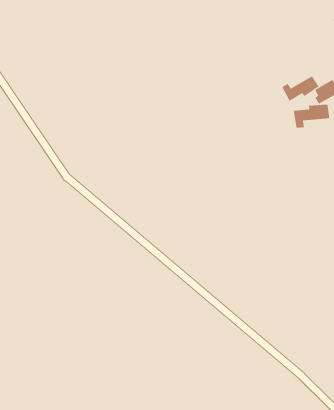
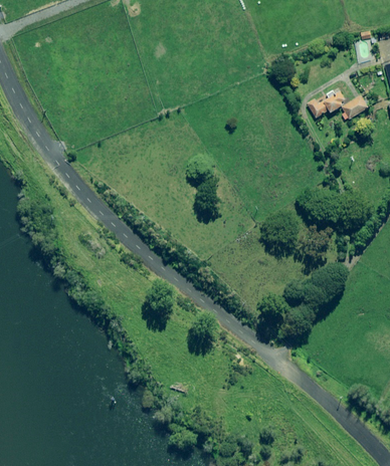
building: [293,104,330,129] -> none

